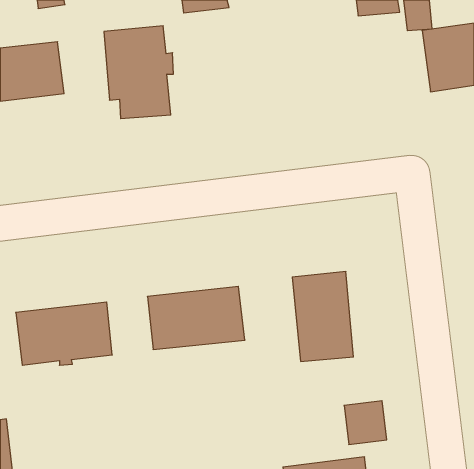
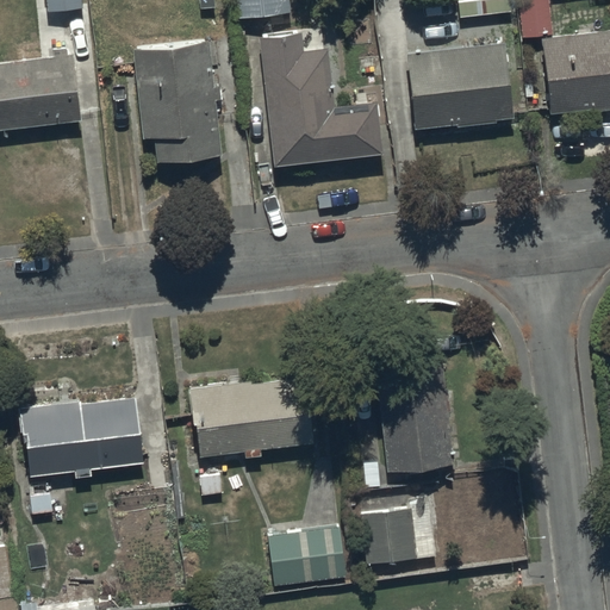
building: none -> [261,39,384,173]
building: none -> [407,42,516,129]
building: [344,401,387,444] -> [361,508,416,564]
building: none -> [268,524,347,585]

